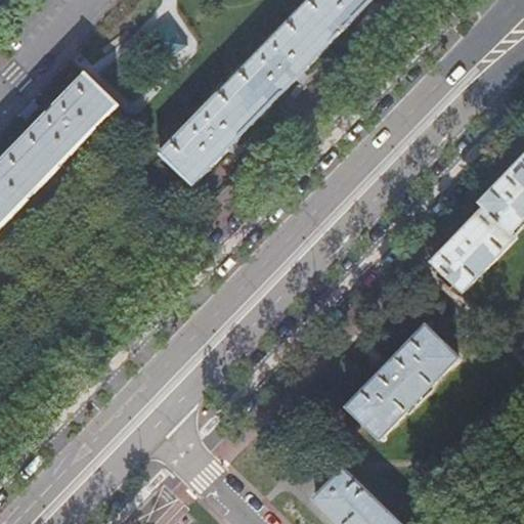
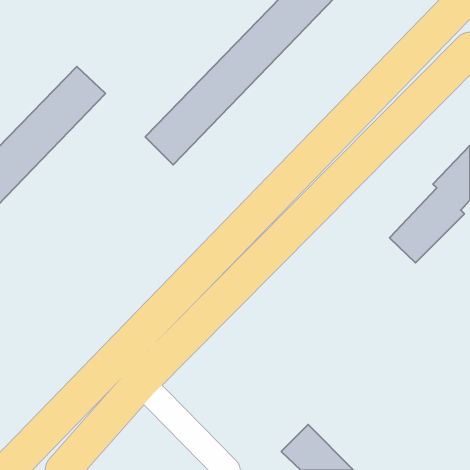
building: [346,326,457,438] -> none

